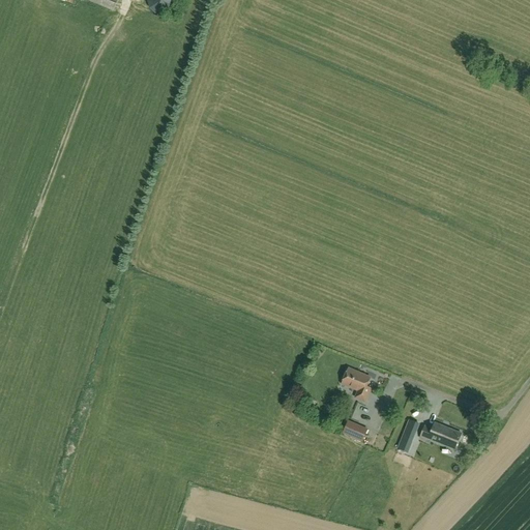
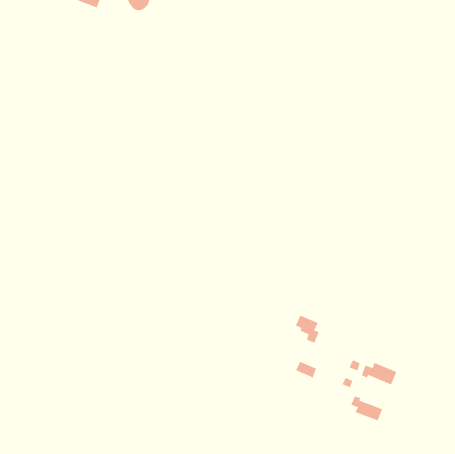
building: none -> [350,395,383,421]

